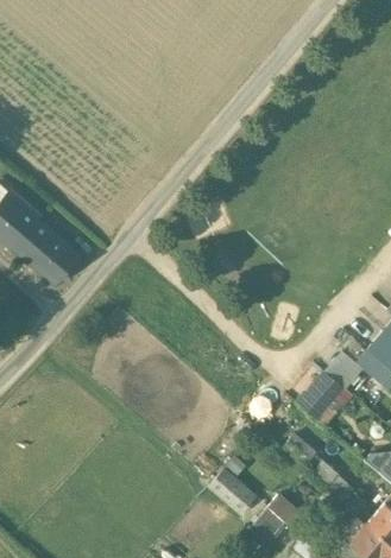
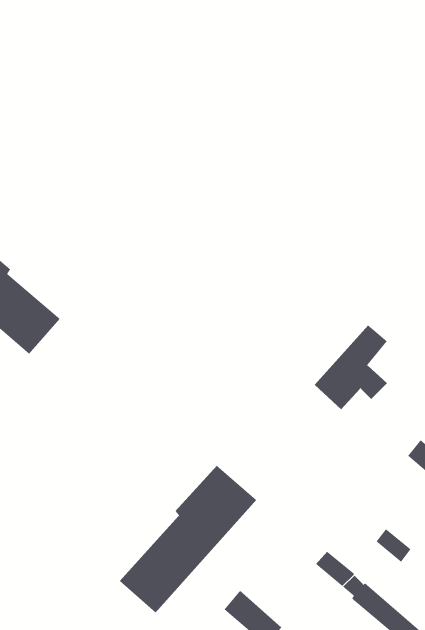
building: [297,351,355,419] -> [314,325,388,410]
building: none -> [119,465,257,613]

